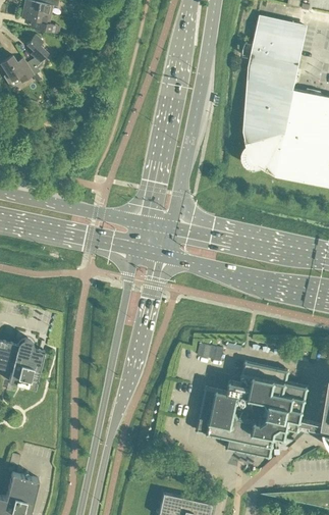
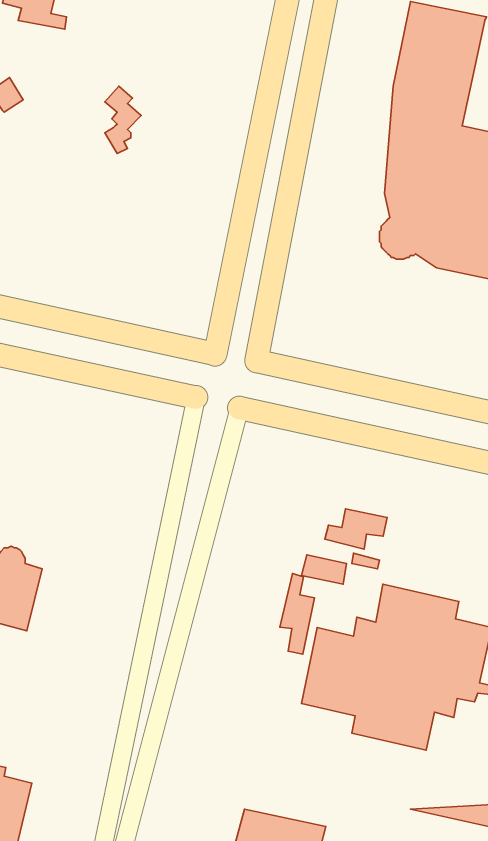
building: [25,36,47,75] -> [105,86,141,154]
building: none -> [325,509,387,549]
building: none -> [280,573,315,654]

